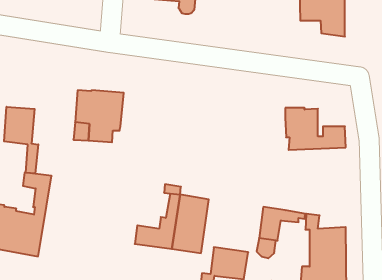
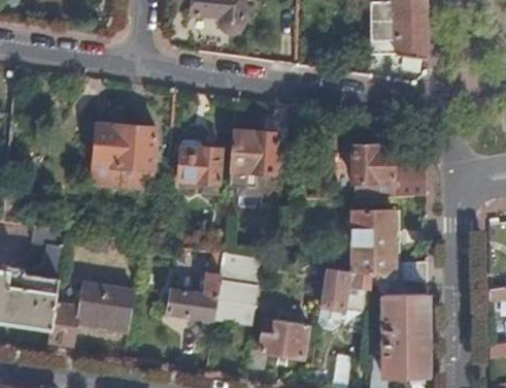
building: none -> [231,132,277,196]
building: none -> [179,140,221,184]
building: [4,107,38,173] -> none
building: none -> [353,212,403,280]
building: none -> [49,284,135,344]

